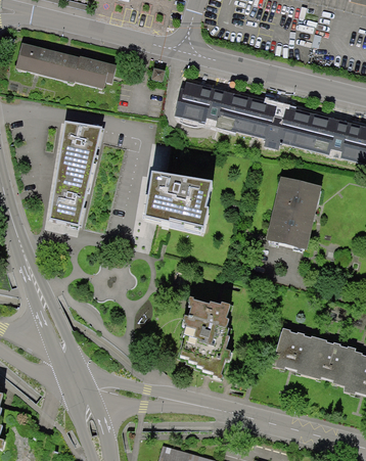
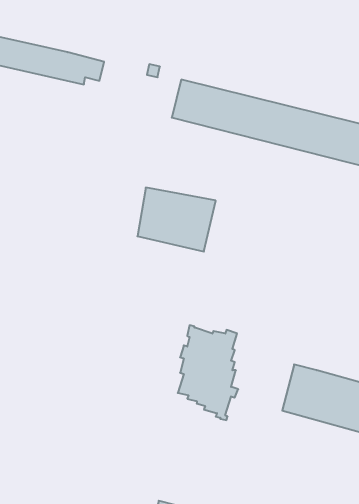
building: [49,120,102,224] -> none
building: [263,177,318,250] -> none

